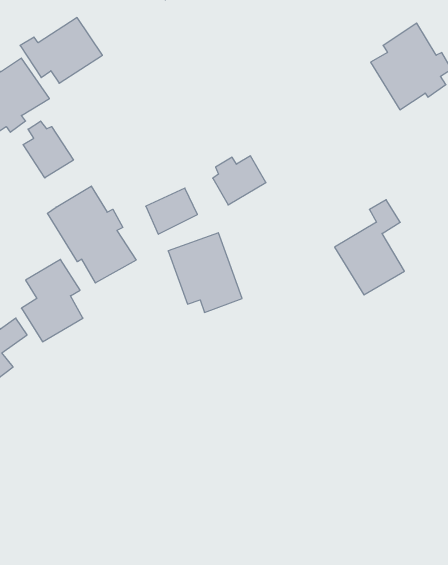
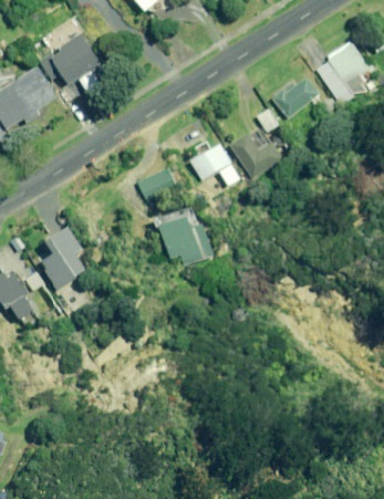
building: none -> [270,79,318,118]
building: [23,121,73,178] -> none
building: [47,186,136,283] -> none
building: [335,200,404,295] -> [228,106,283,181]

